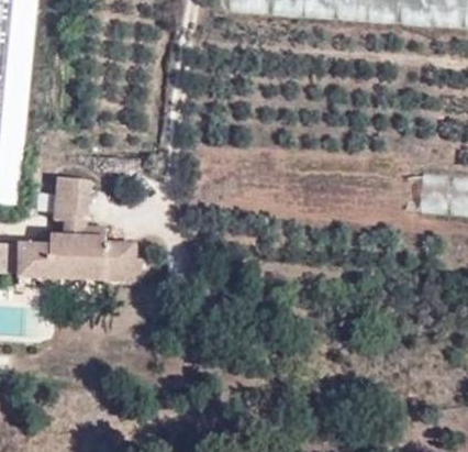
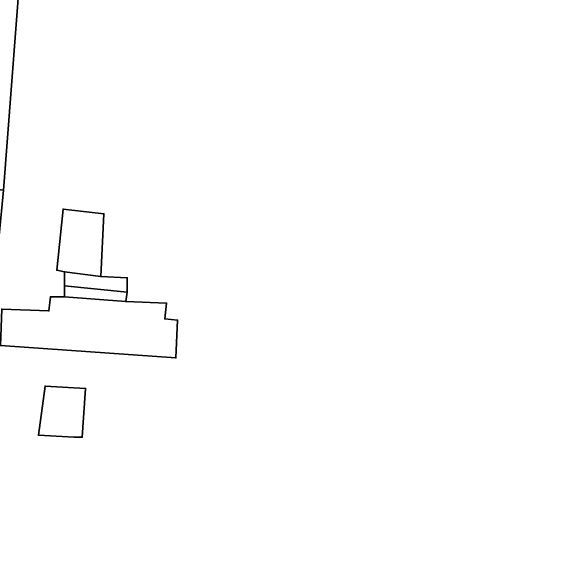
building: none -> [38,386,86,437]

